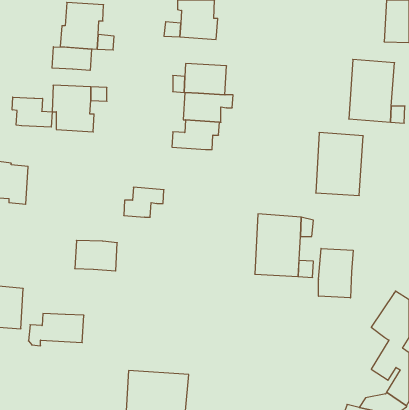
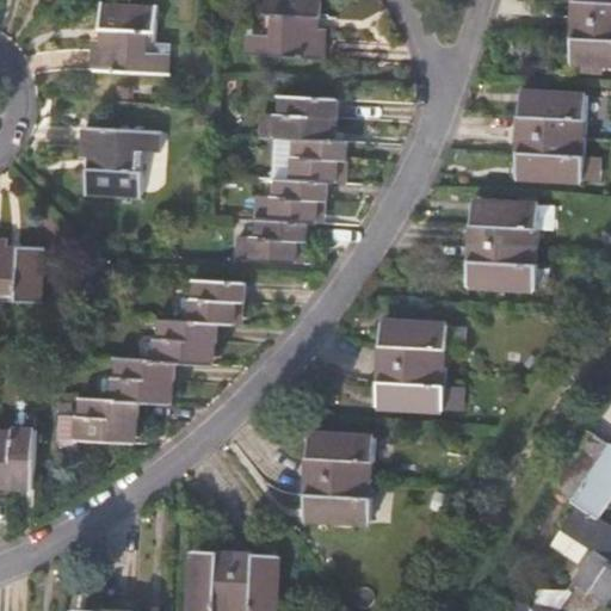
building: [52,47,91,70] -> none
building: [12,97,52,127] -> none
building: none -> [234,220,306,264]
building: none -> [153,320,215,364]
building: [319,248,353,298] -> none
building: none -> [304,431,374,524]
building: [28,314,84,346] -> [56,399,138,446]

